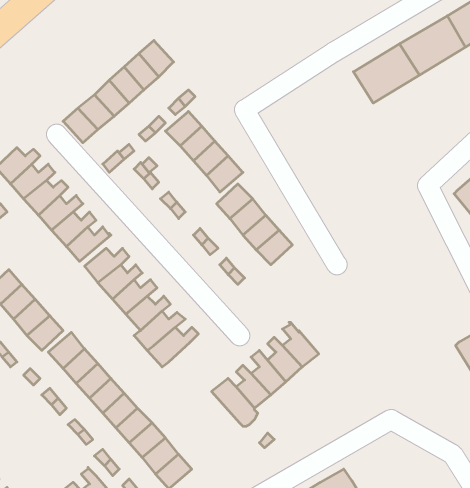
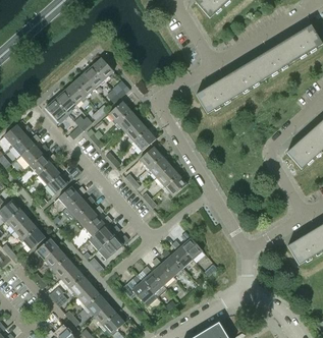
building: none -> [196,77,236,114]
building: none -> [122,275,157,306]

